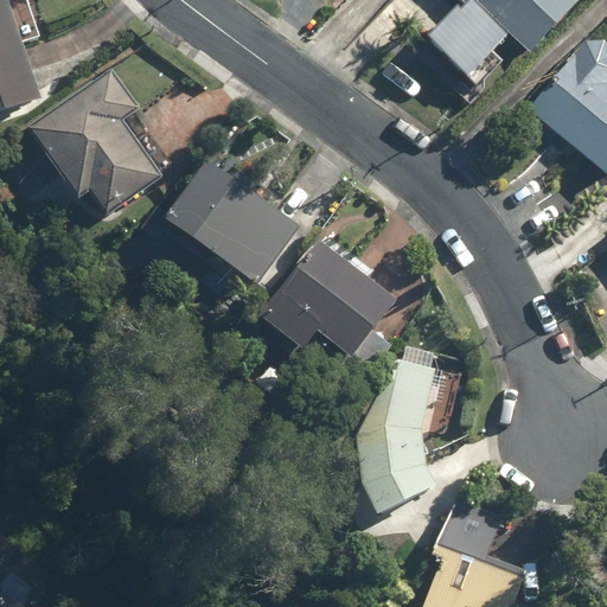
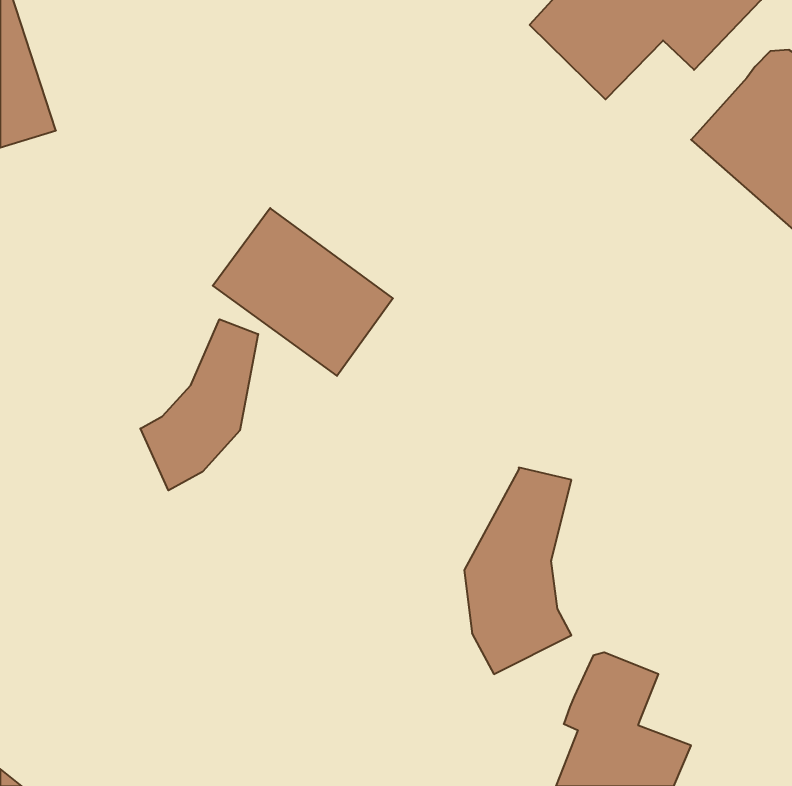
building: [27,65,165,218] -> none
building: [258,238,398,359] -> none
building: none -> [140,319,258,490]

